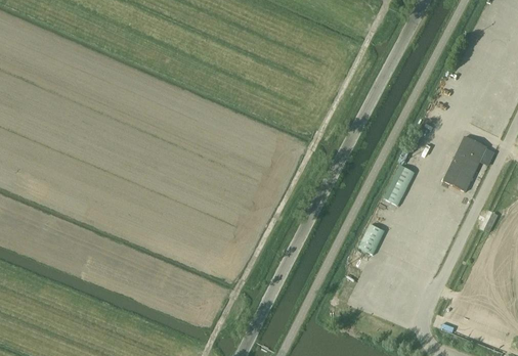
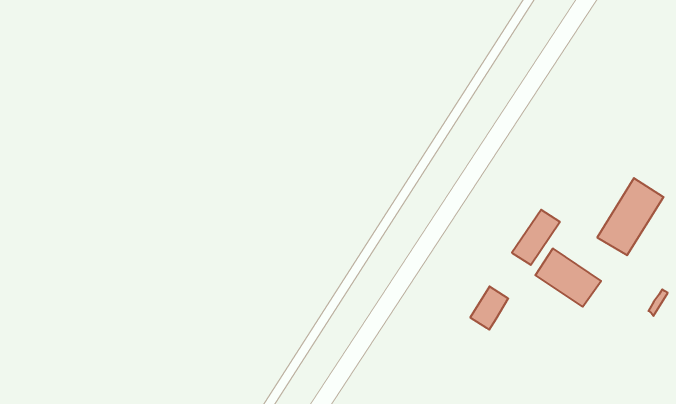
building: none -> [535,248,601,307]

